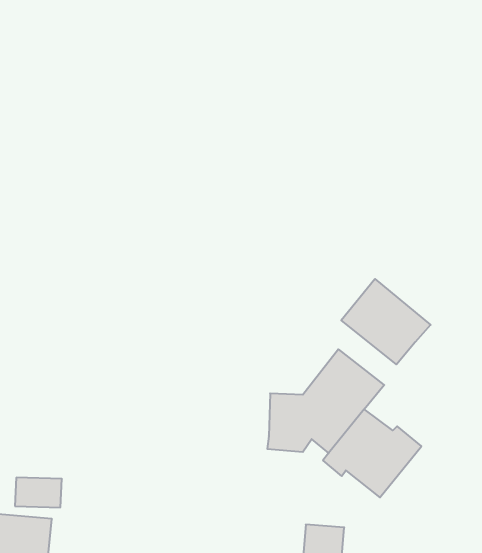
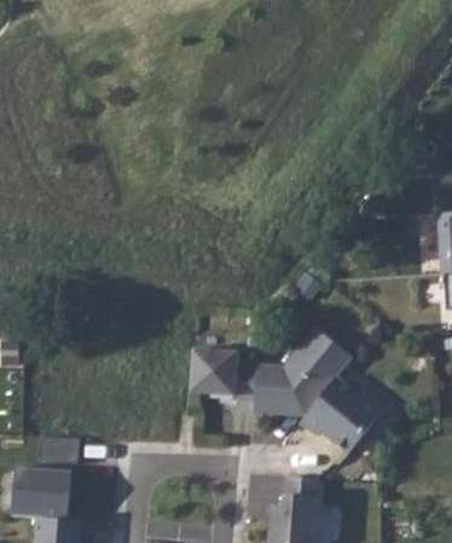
building: [341,279,431,364] -> none
building: none -> [189,348,255,402]

